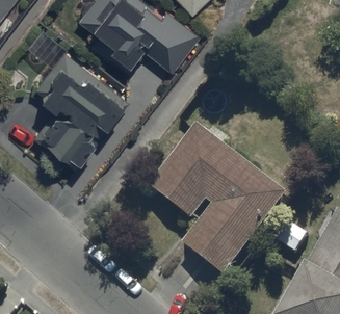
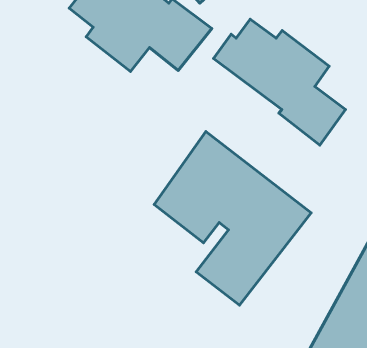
building: none -> [214,19,346,145]
building: [27,29,128,171] -> none

